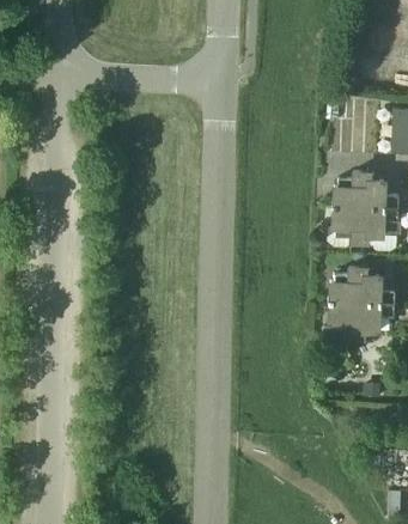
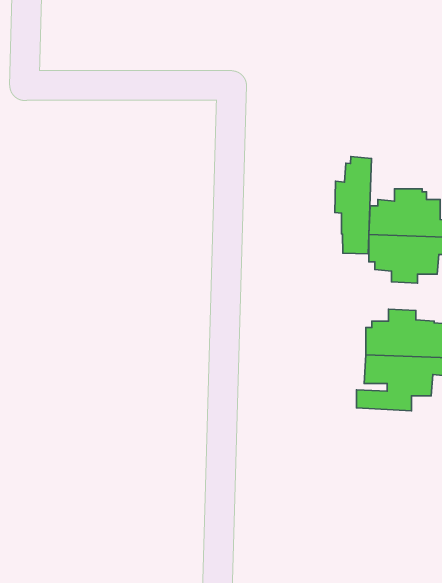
building: none -> [335,157,371,254]

